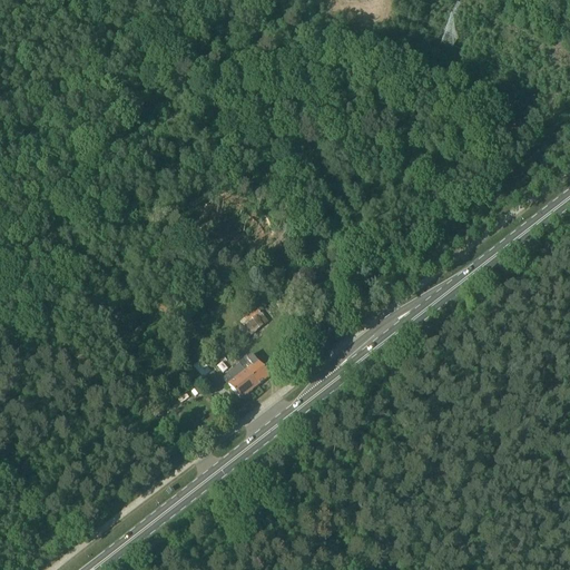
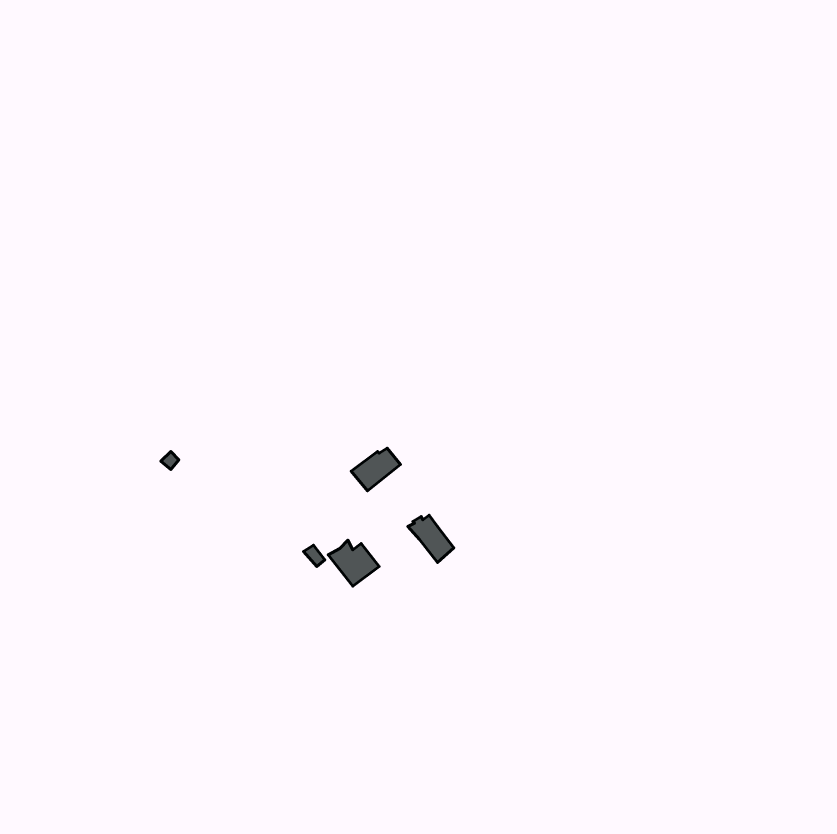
building: [237,352,268,384] -> [408,515,454,563]

